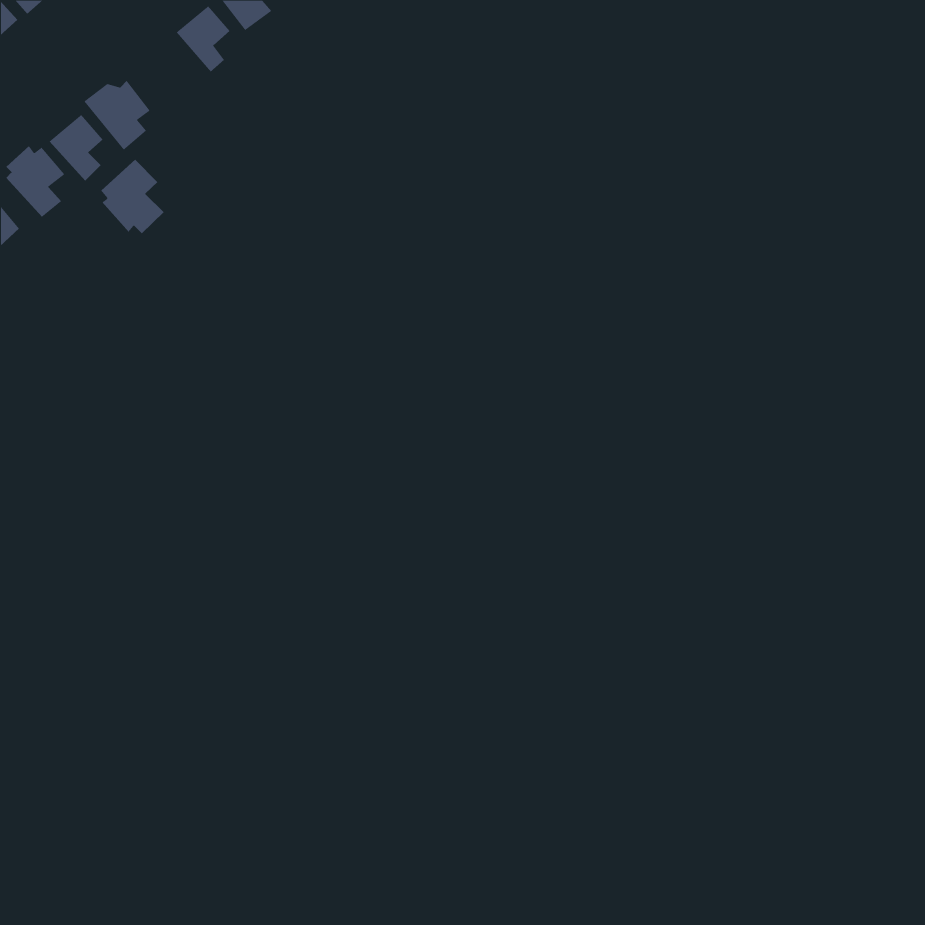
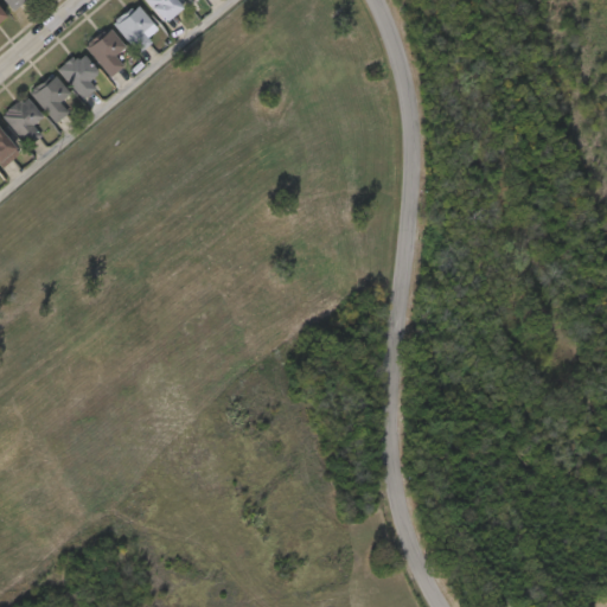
building: none -> [90,30,123,72]
building: [100,159,165,234] -> none

